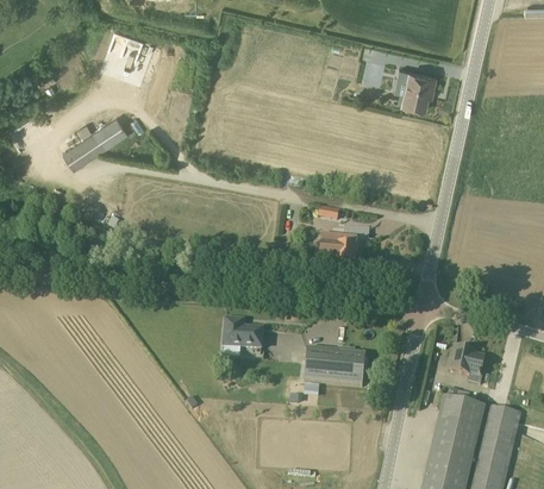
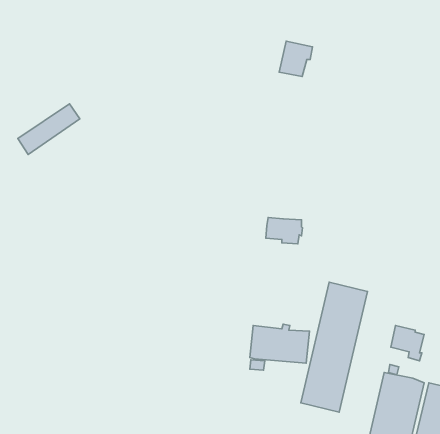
building: [402,70,437,107] -> [279,41,312,77]
building: none -> [301,282,368,412]
building: [225,318,264,349] -> none

